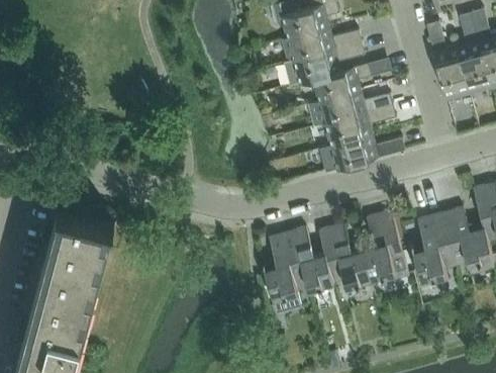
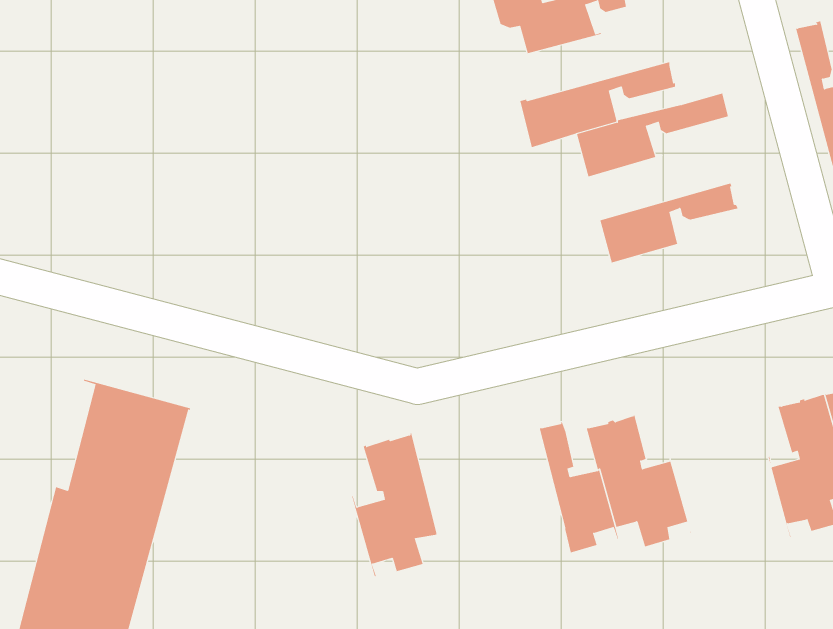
building: [283,27,363,62] -> none
building: [320,90,394,123] -> none
building: [320,134,406,171] -> none
building: [362,210,408,285] -> none
building: [264,230,308,305] -> [351,433,437,578]

